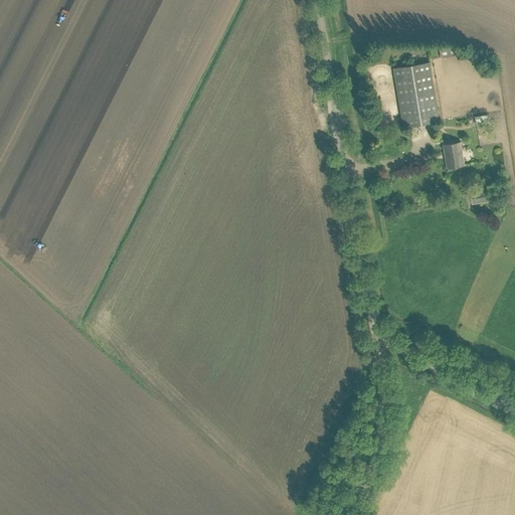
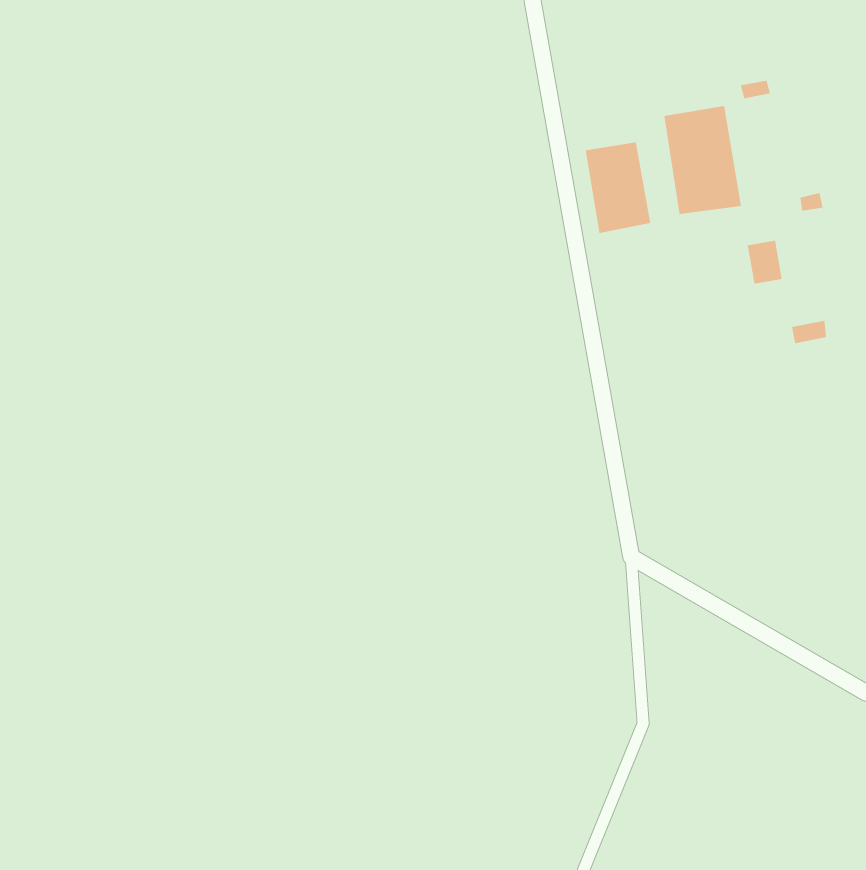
building: none -> [585,141,651,234]

